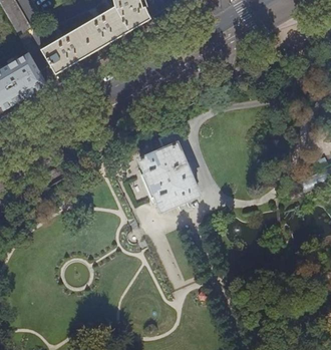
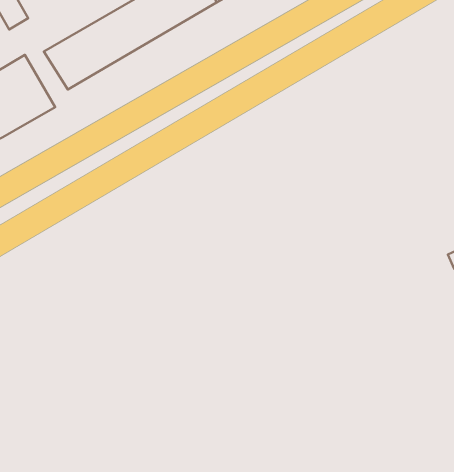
building: [140,133,198,210] -> none

